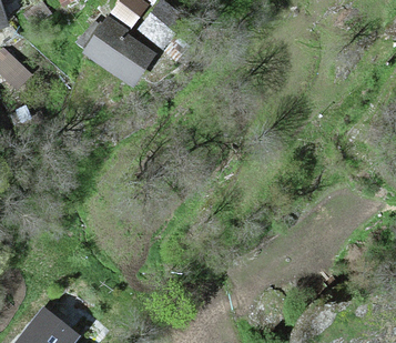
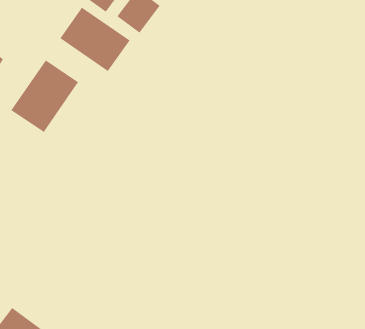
building: none -> [11,60,79,133]

